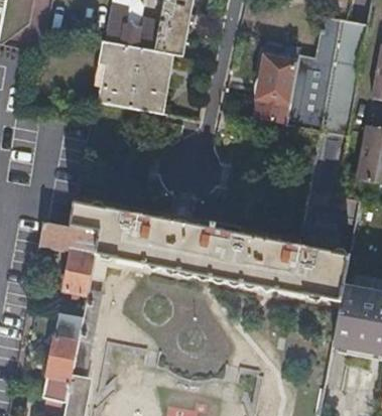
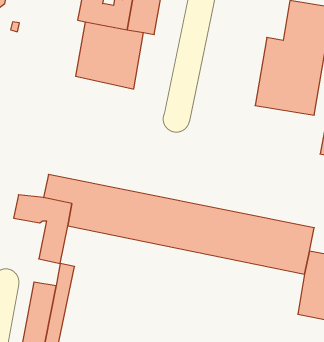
building: [257,54,296,122] -> none

